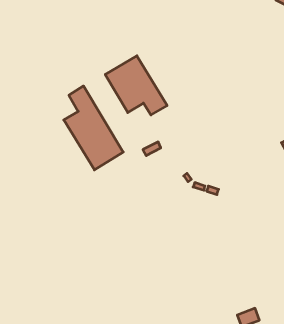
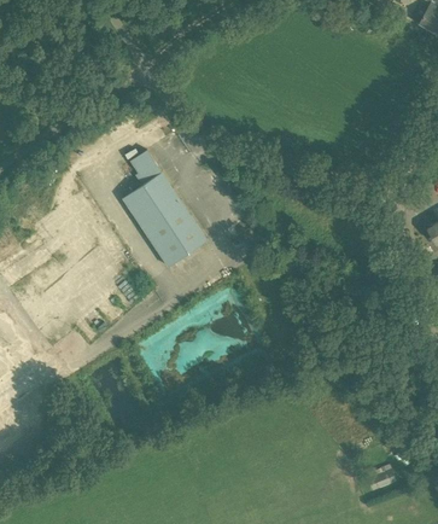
building: [105,56,167,115] -> none

